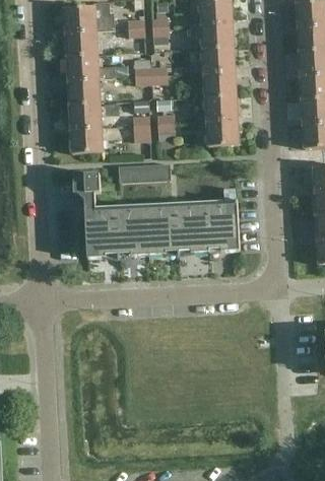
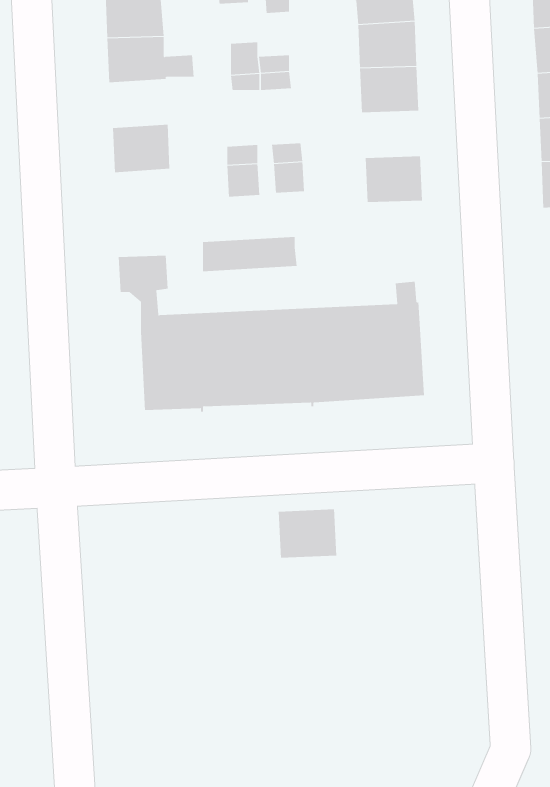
building: [67,78,100,105] -> none
building: [204,95,237,121] -> none
building: [70,127,103,153] -> none
building: none -> [278,509,337,559]

